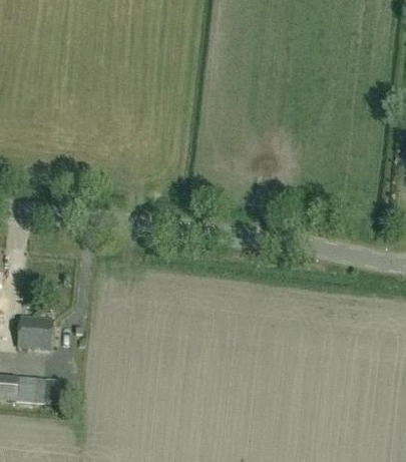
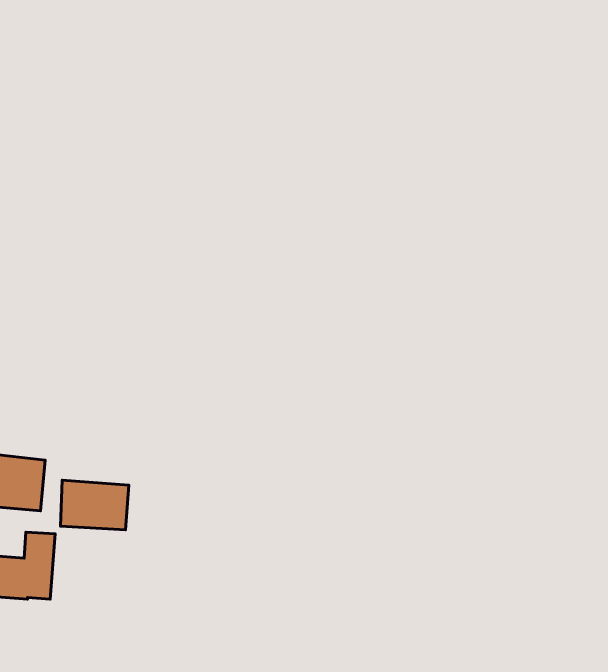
building: none -> [61,480,129,530]

